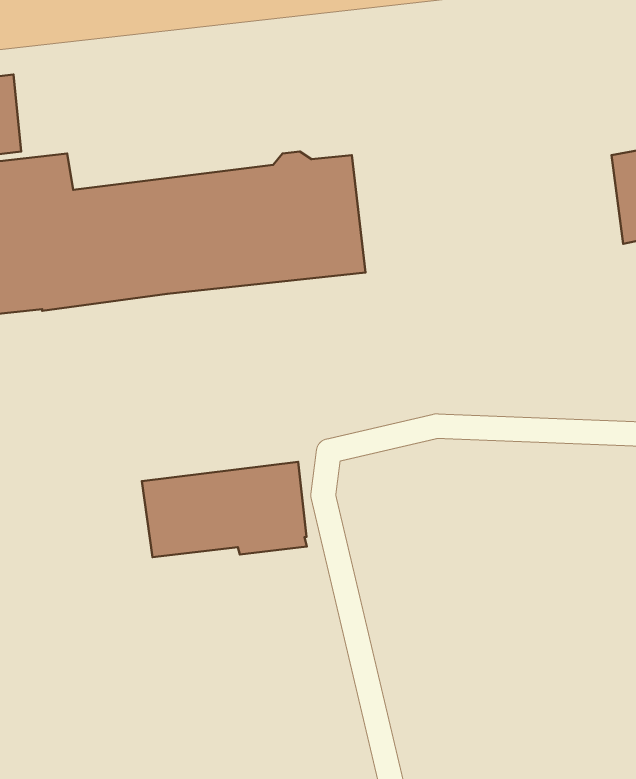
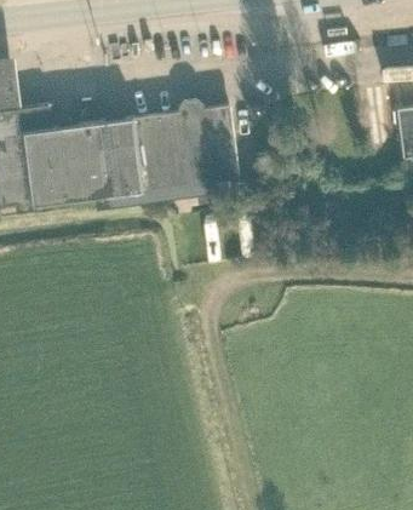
building: [142,462,307,557] -> none

